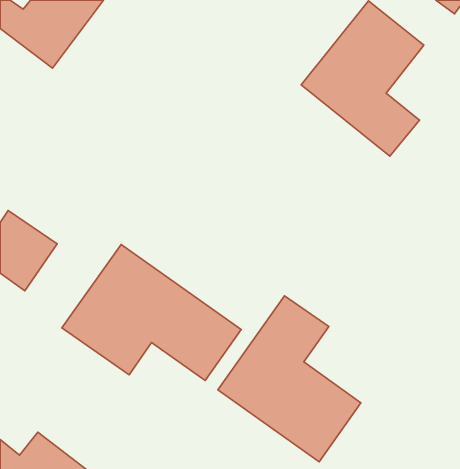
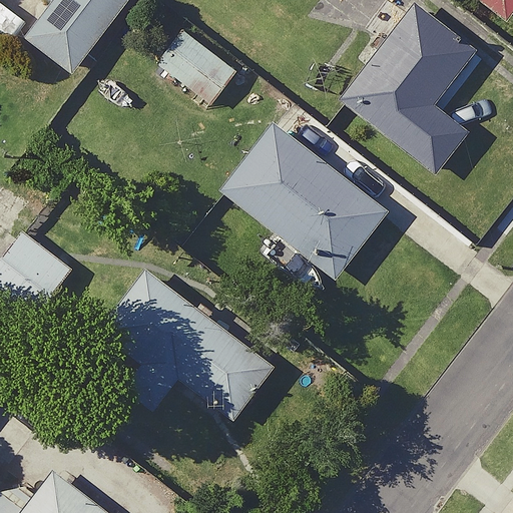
building: none -> [154,33,240,118]
building: none -> [224,124,387,277]
building: [218,296,361,462] -> none

